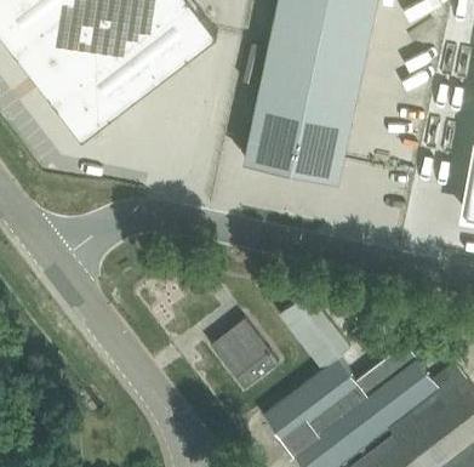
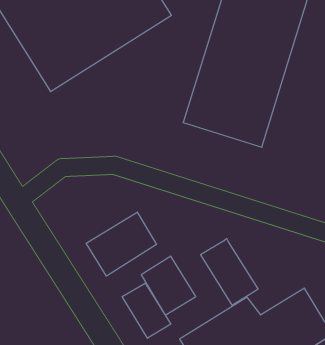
building: none -> [86,212,156,276]
building: none -> [122,283,171,338]

